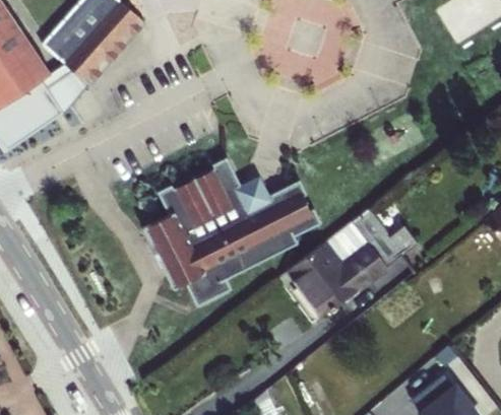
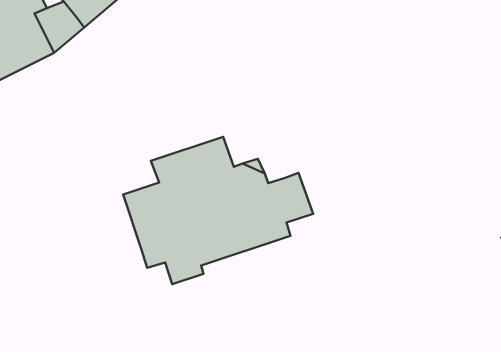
building: [287,208,420,316] -> none

